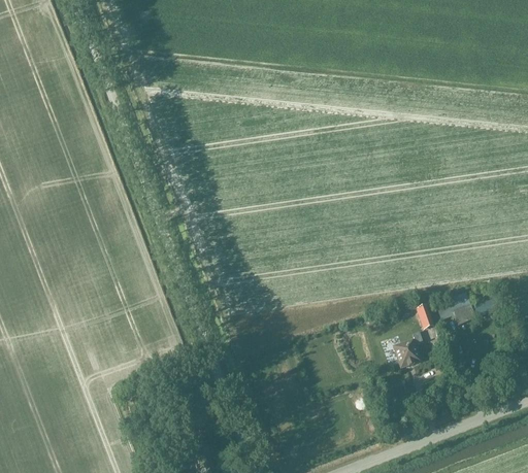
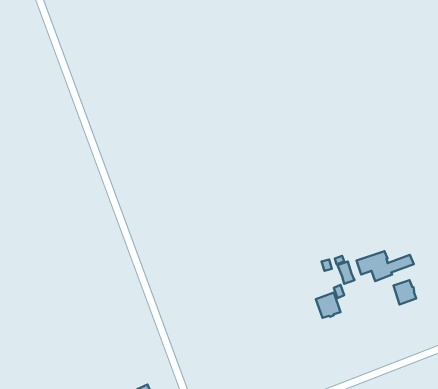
building: none -> [393,280,416,305]

